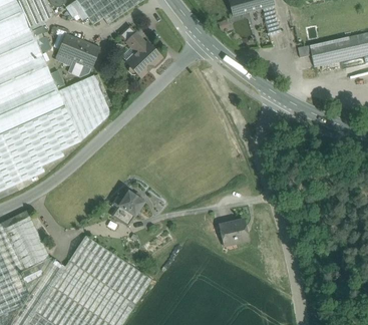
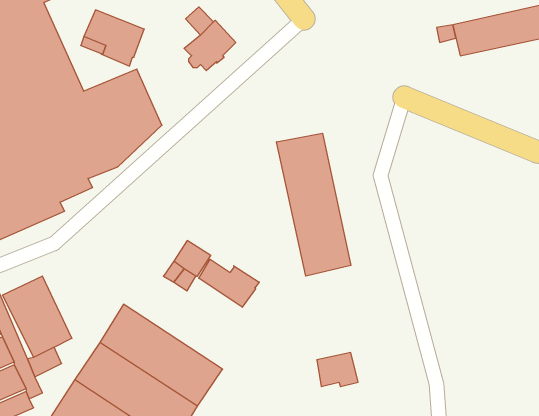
building: none -> [277,133,351,276]
building: none -> [199,259,259,307]
building: [220,220,248,243] -> [317,353,358,387]

